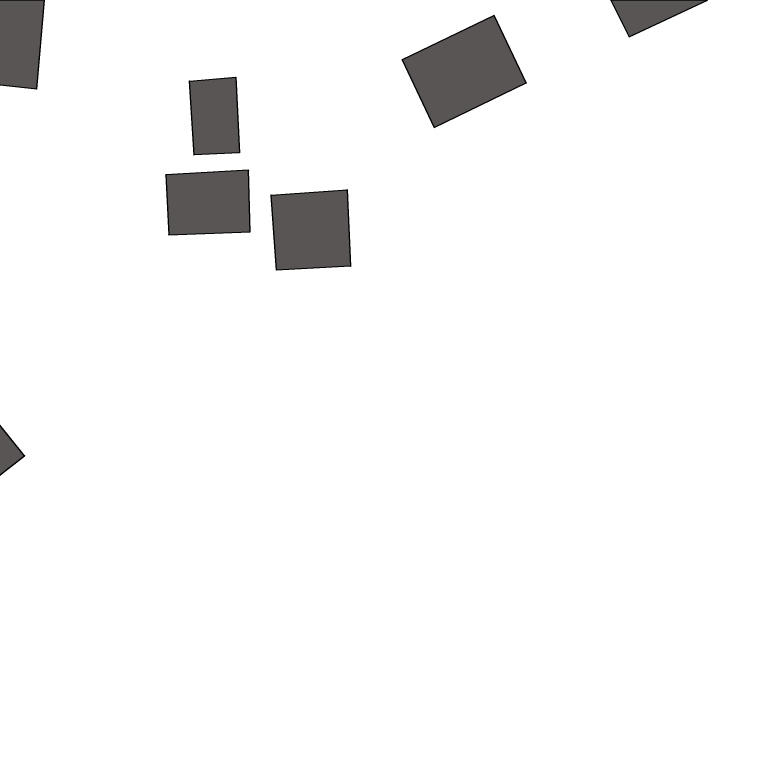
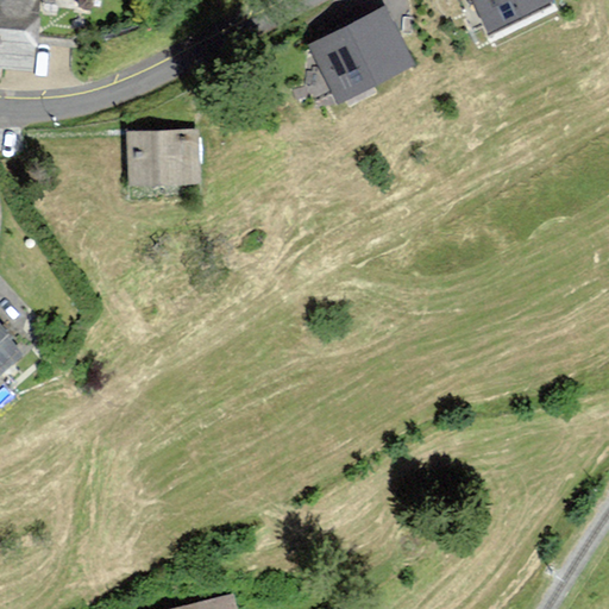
building: [189,77,239,155] -> none
building: [271,190,351,270] -> none

